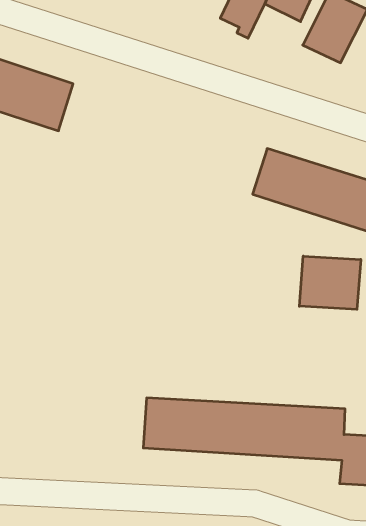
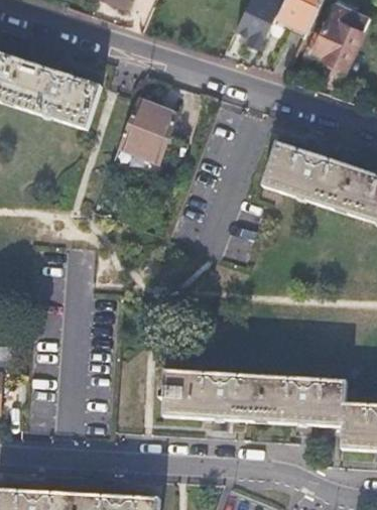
building: none -> [120,100,179,162]
building: [299,256,361,309] -> none

